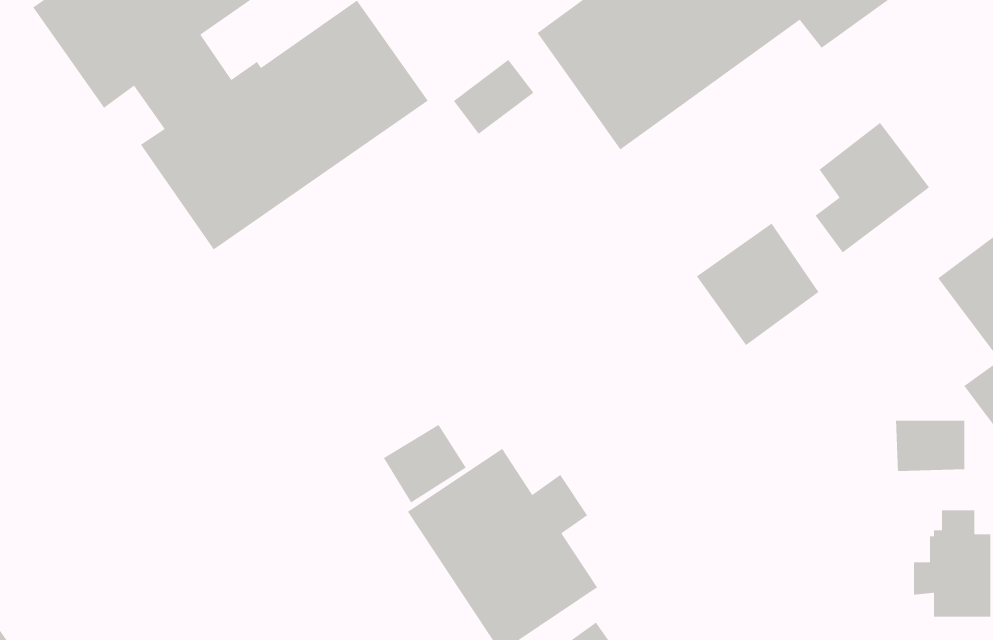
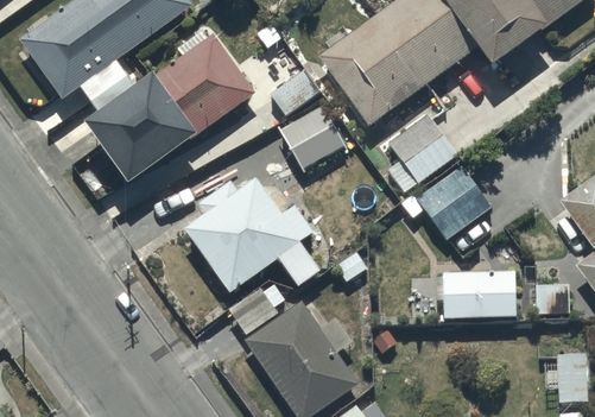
building: none -> [280,105,348,170]
building: [815,122,930,253] -> [387,115,456,194]
building: none -> [186,177,321,292]
building: none -> [442,271,514,316]

